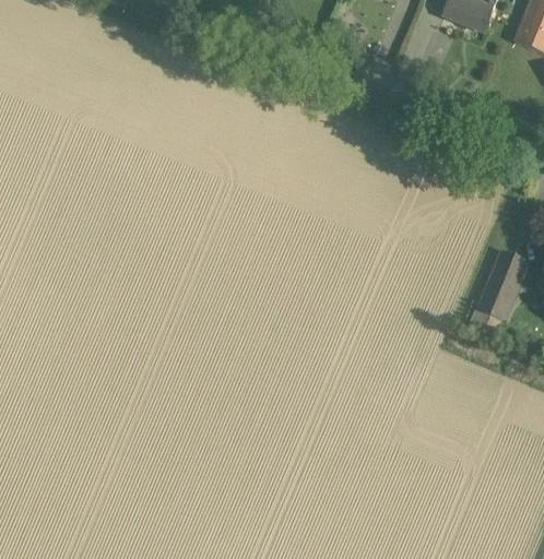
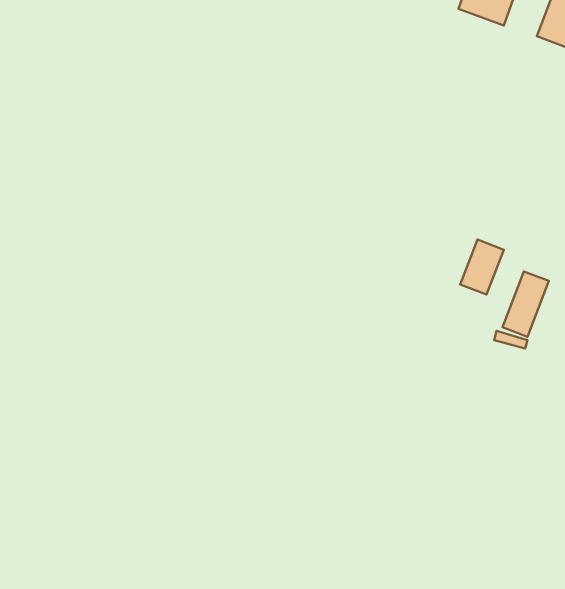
building: none -> [460,240,504,295]

